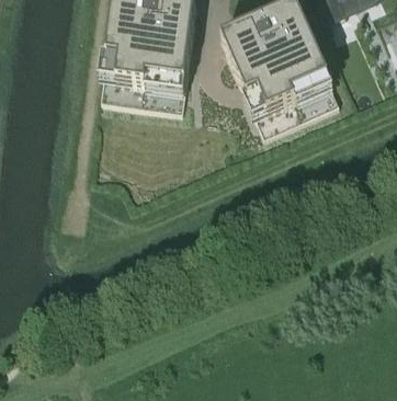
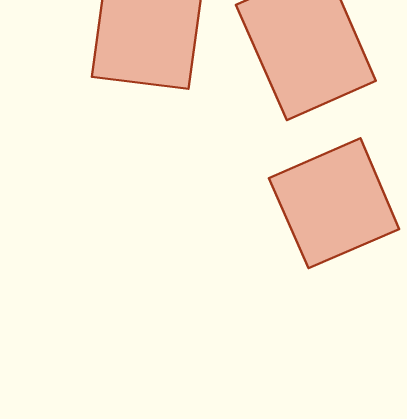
building: none -> [269,138,399,268]

